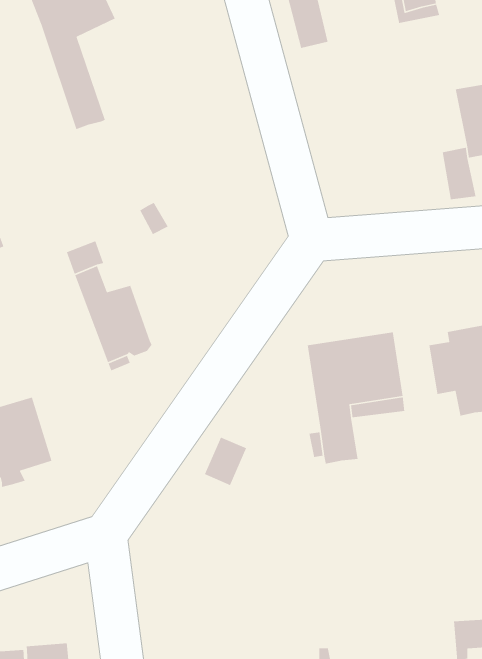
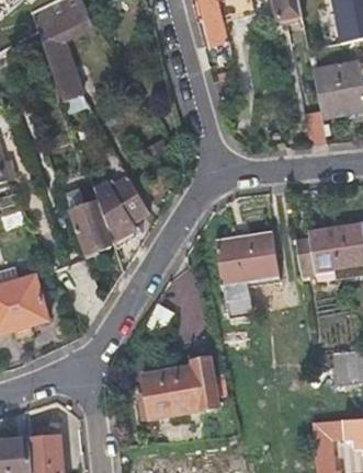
building: none -> [94,169,151,238]
building: none -> [139,355,219,417]

